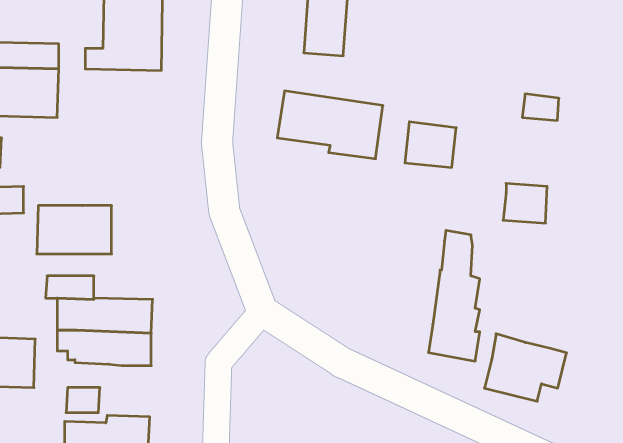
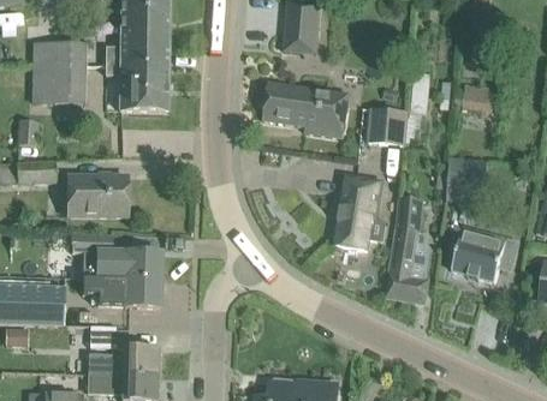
building: none -> [105,64,167,110]
building: none -> [333,175,381,250]
building: [484,334,567,401] -> [452,226,519,281]

